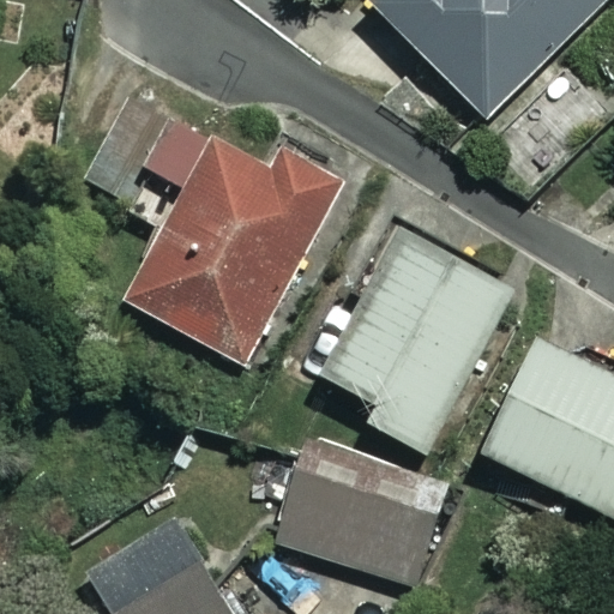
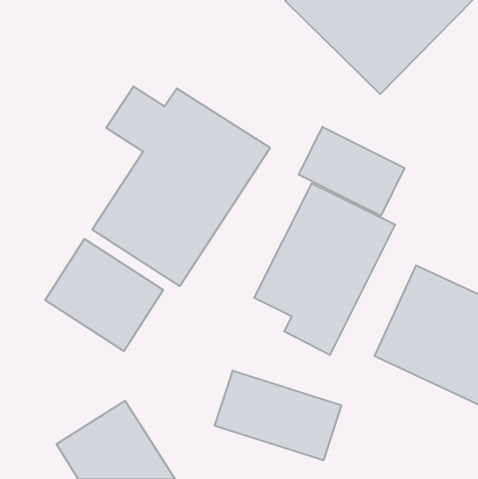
building: none -> [299,127,404,216]
building: none -> [45,239,163,351]

